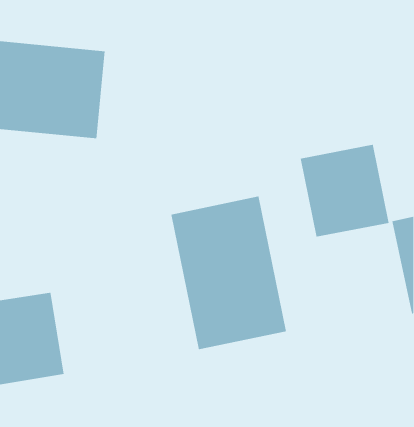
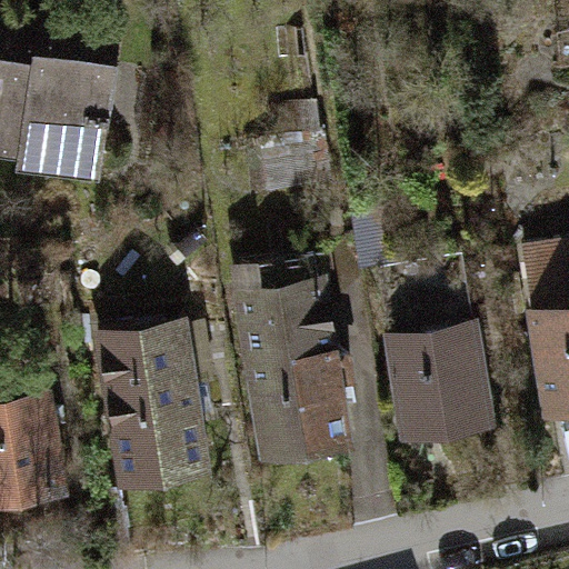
building: [300,144,389,237] -> [381,317,500,440]
building: none -> [101,315,238,497]

